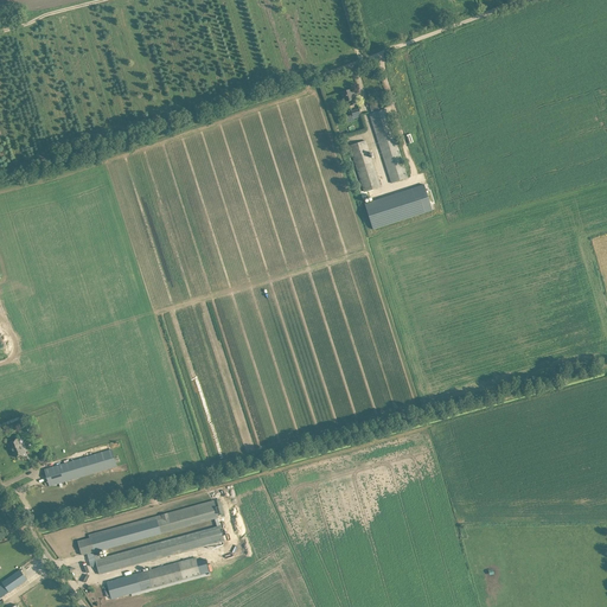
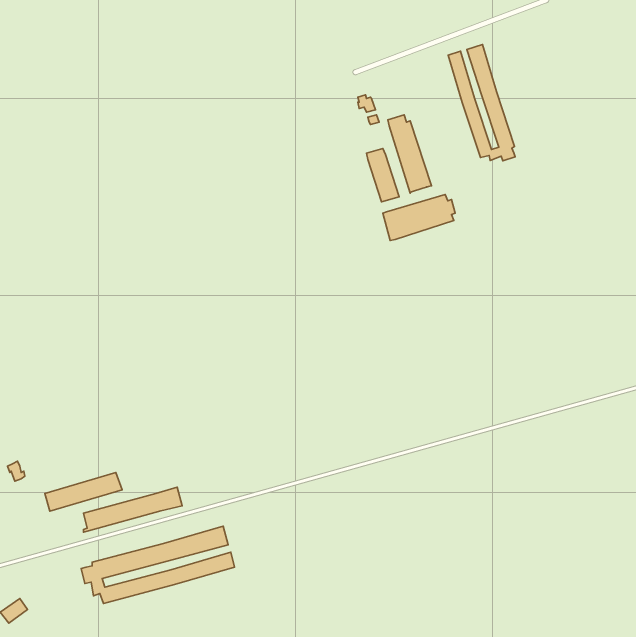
building: none -> [448,44,515,161]
building: [106,557,199,600] -> [84,487,182,532]

